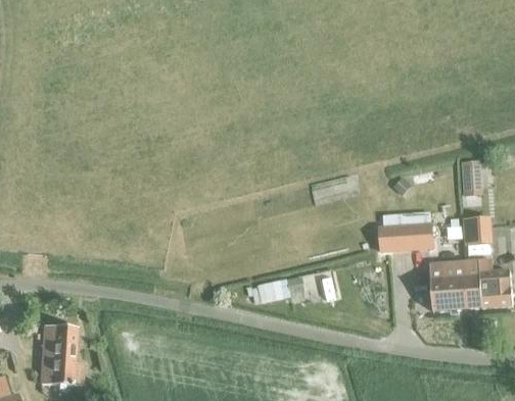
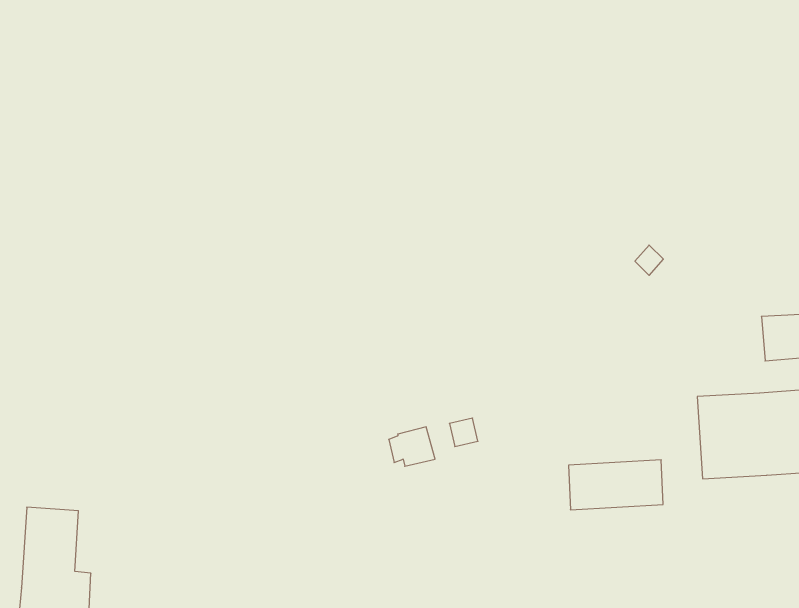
building: [462,161,479,196] -> none
building: [379,220,433,249] -> [569,460,663,510]

